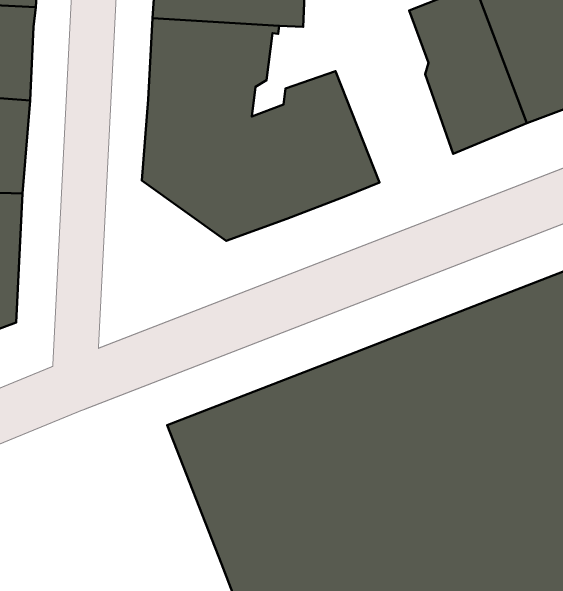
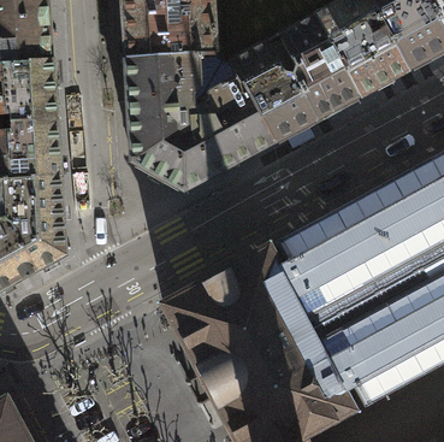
building: none -> [231,41,316,142]

